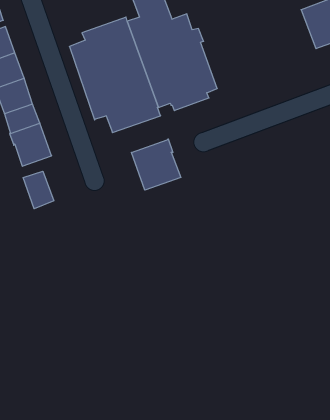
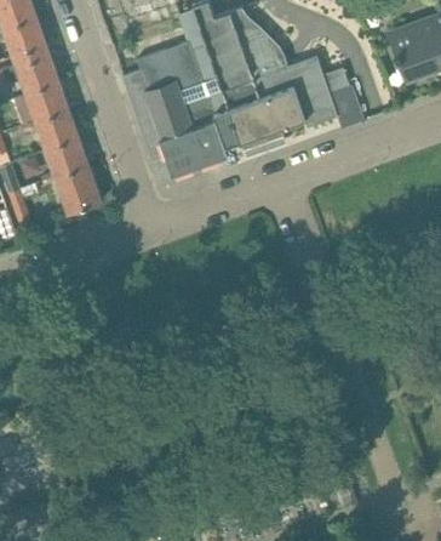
building: none -> [274,57,363,129]
building: [131,139,181,190] -> none
building: [23,171,54,209] -> none

